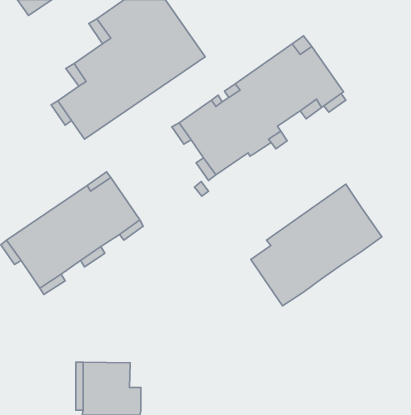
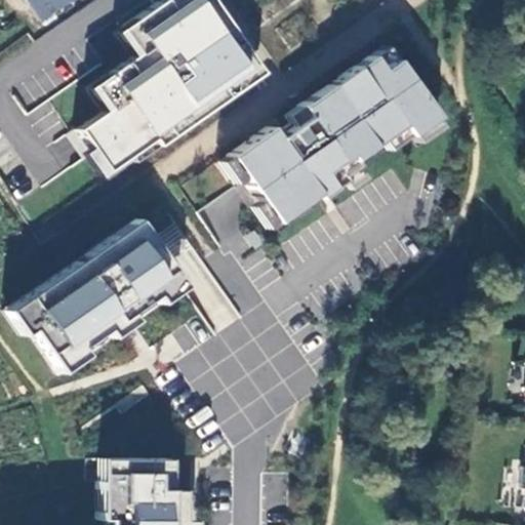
building: [251,184,382,306] -> none

